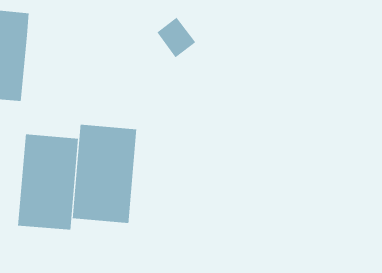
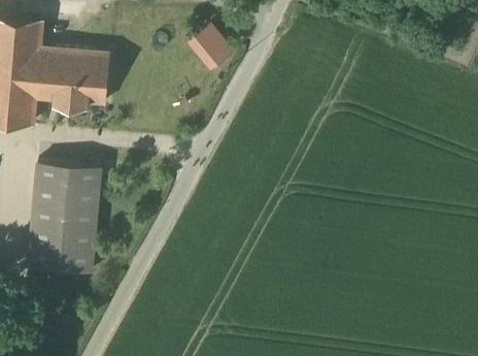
building: none -> [35,40,109,108]
building: [72,124,137,224] -> none

